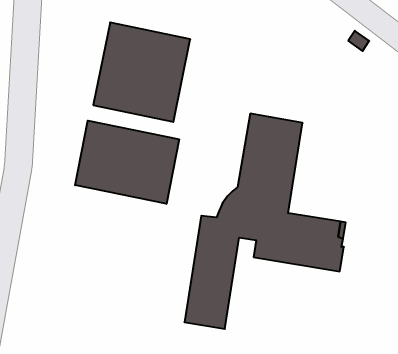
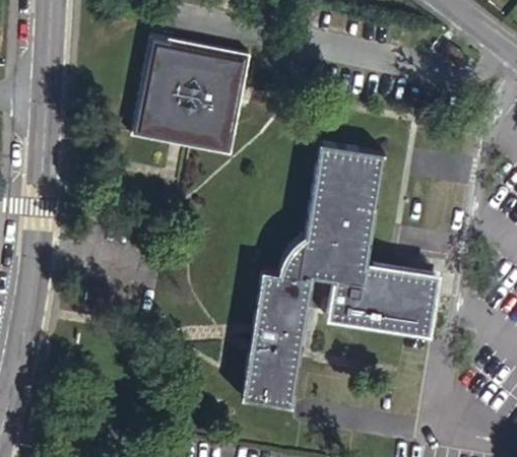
building: [75,121,179,204] -> none

